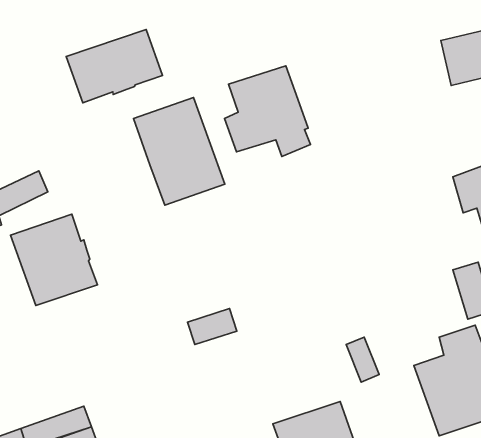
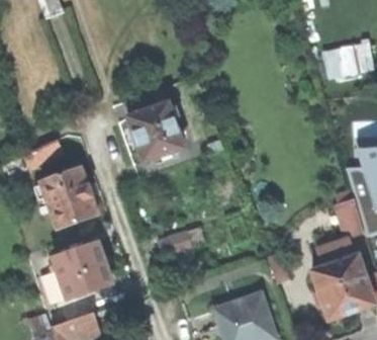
building: [66,29,163,103] -> none
building: [225,66,311,156] -> none
building: none -> [50,243,109,299]

